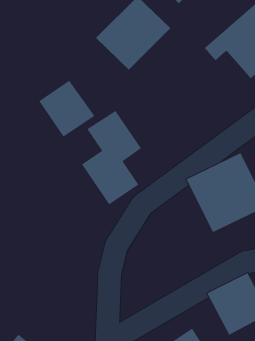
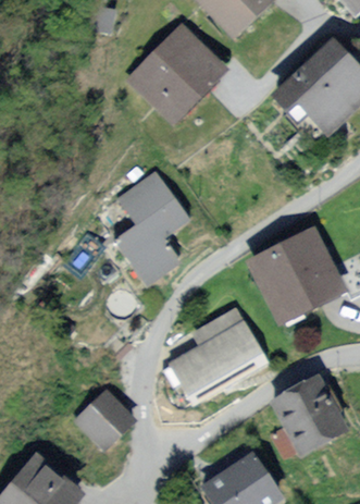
building: [39,80,95,138] -> none
building: none -> [172,318,272,405]
building: none -> [75,386,137,448]

